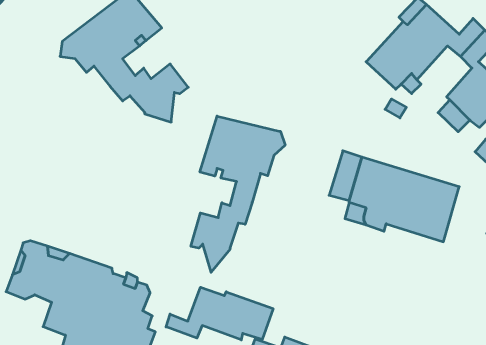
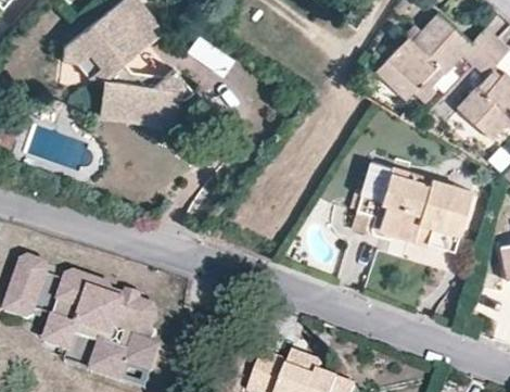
building: none -> [100,90,177,129]
building: [191,116,285,272] -> none
building: [166,287,273,340] -> none

